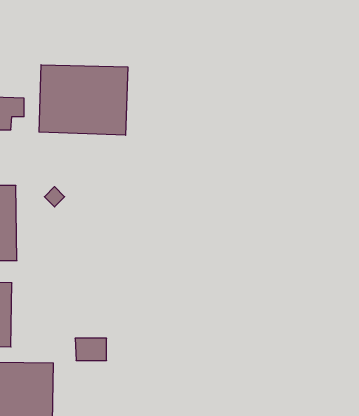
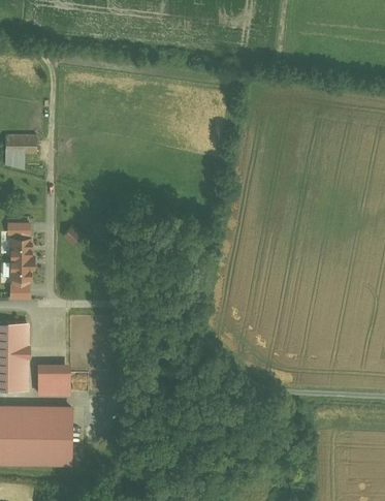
building: [39,65,128,135] -> none
building: [75,338,107,360] -> [37,372,69,395]

